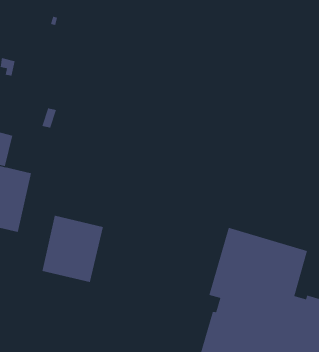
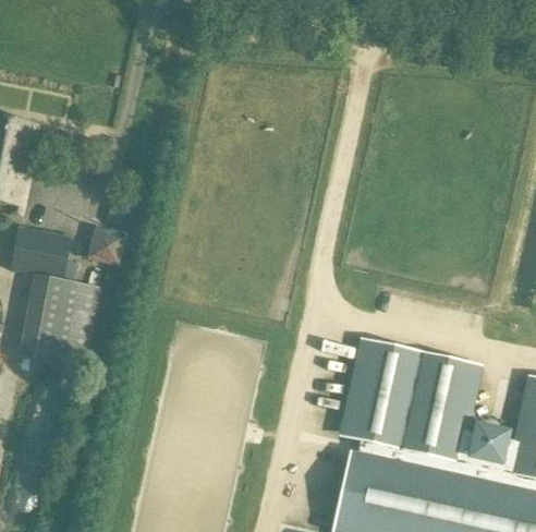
building: none -> [83,228,122,265]
building: [42,215,103,283] -> none

